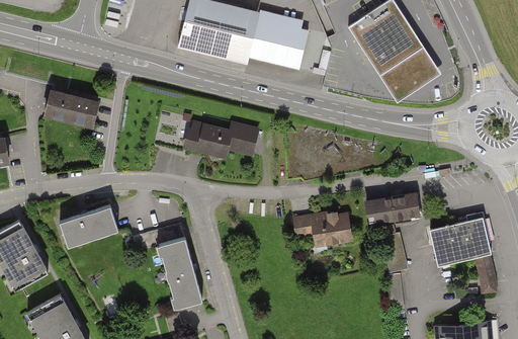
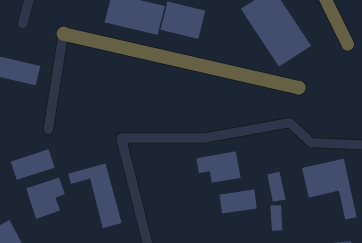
building: [182,120,257,156] -> none
building: [369,191,418,223] -> [219,189,258,214]
building: none -> [25,177,65,220]

